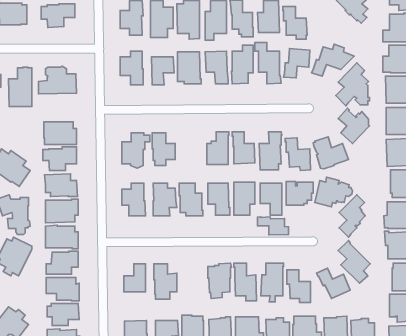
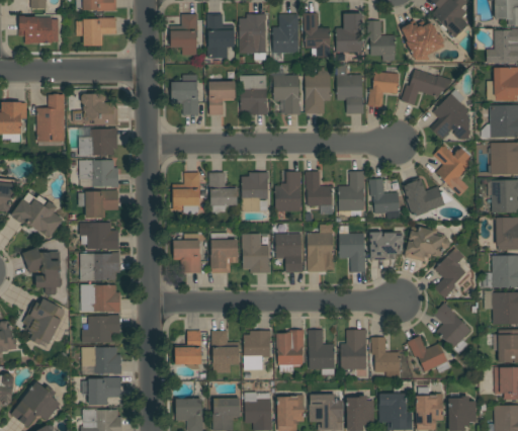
building: none -> [402,23,444,59]
building: none -> [79,128,117,156]
building: none -> [241,172,269,211]
building: [258,217,289,235] -> none
building: none -> [244,331,271,370]

